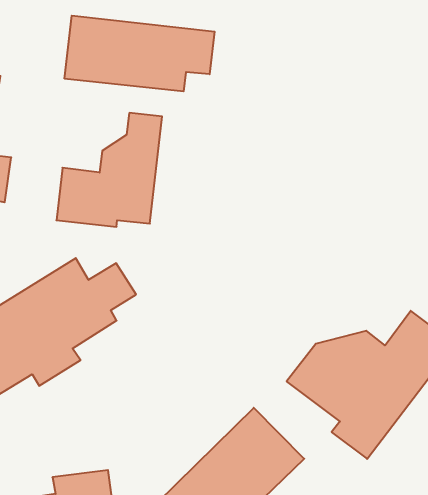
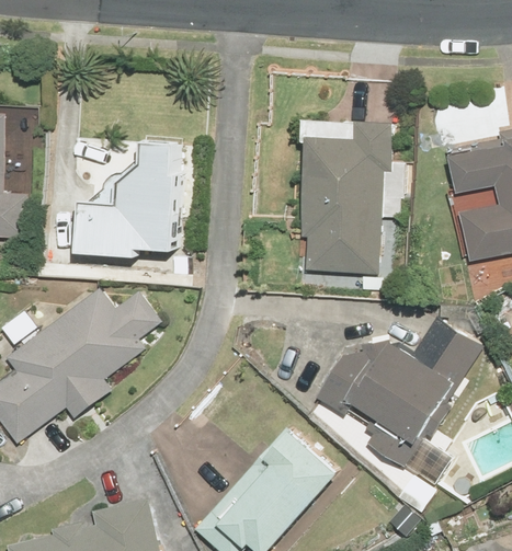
building: [65,16,215,91] -> none
building: none -> [299,120,390,276]

